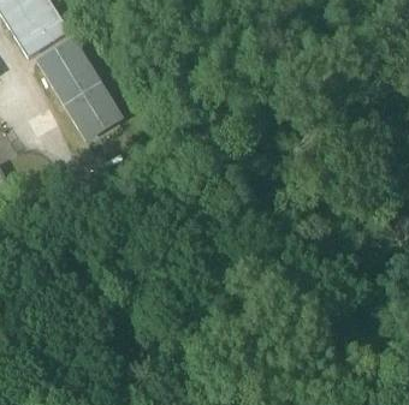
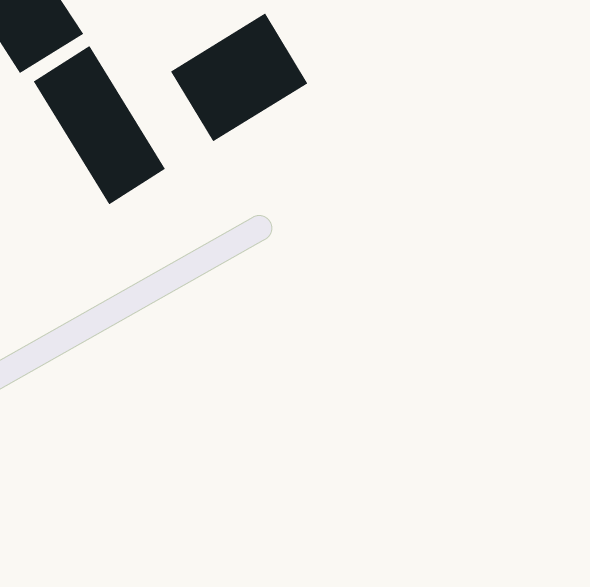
building: none -> [170,13,308,142]

